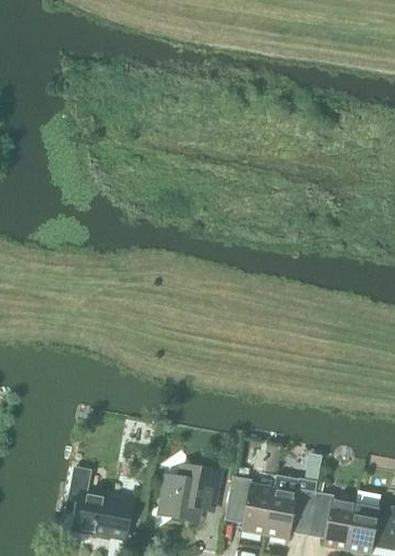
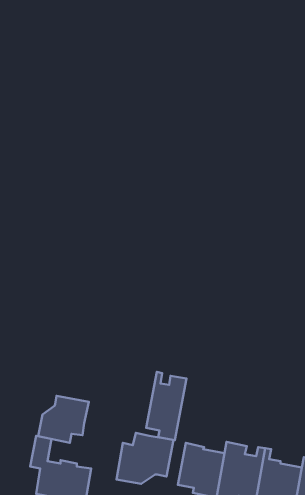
building: none -> [146,372,187,440]
building: none -> [38,396,89,443]

